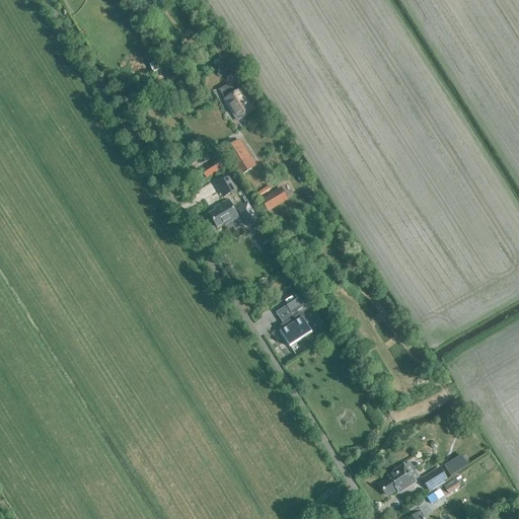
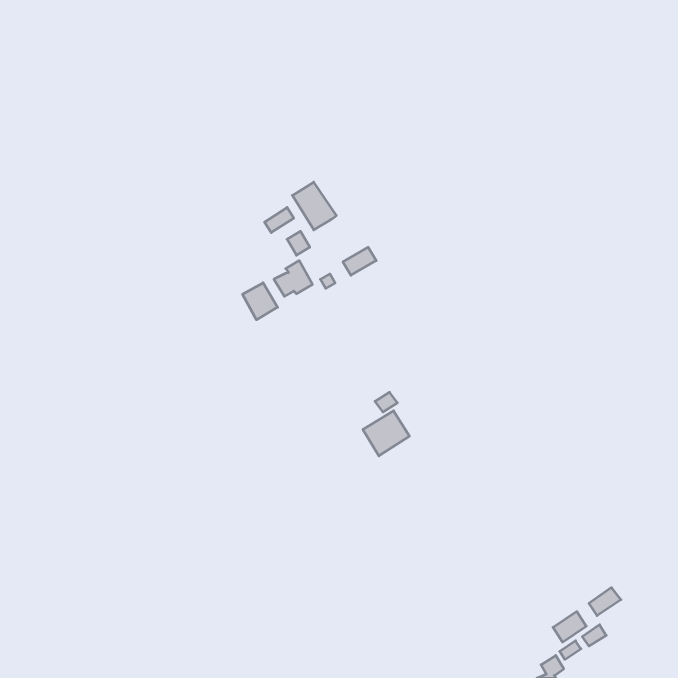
building: [221,83,254,120] -> none
building: none -> [243,283,278,320]
building: [379,465,416,496] -> none

